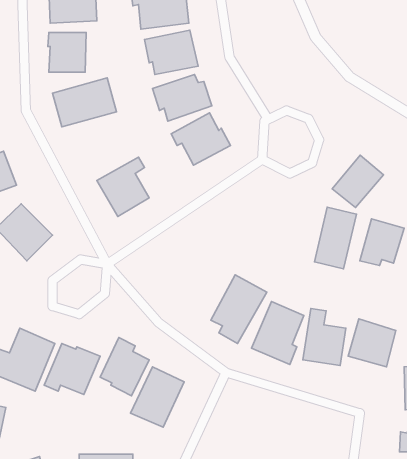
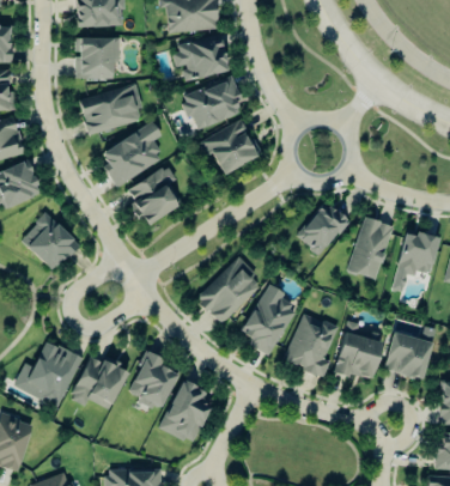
building: none -> [102,122,164,186]
building: [332,155,383,207] -> [296,201,348,255]
building: none -> [195,257,263,324]

